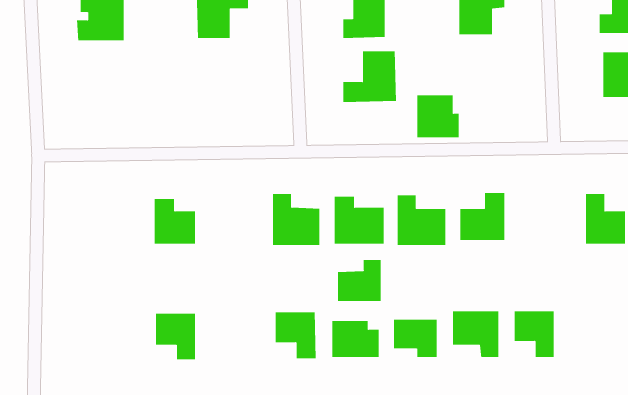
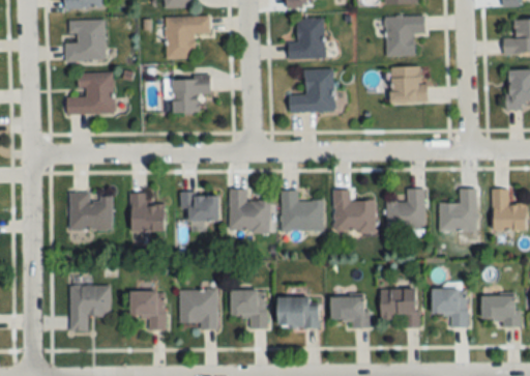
building: none -> [66,73,114,115]
building: none -> [172,77,211,114]
building: [416,95,460,138] -> [391,67,428,104]
building: none -> [439,189,478,232]
building: none -> [69,192,112,231]
building: none -> [182,195,220,223]
building: [338,259,381,302] -> none
building: none -> [71,284,111,329]
building: none -> [180,289,217,328]
building: none -> [483,295,521,326]

